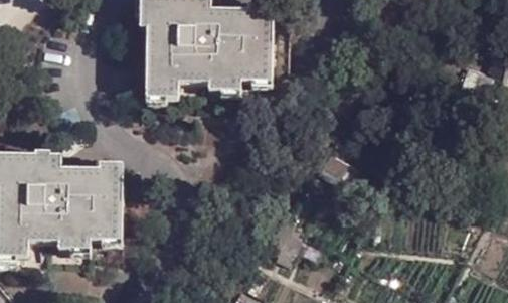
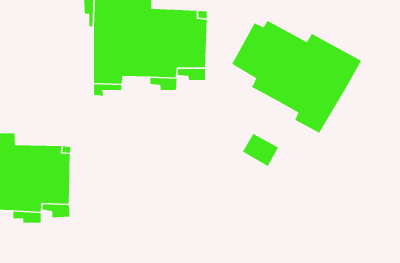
building: none -> [231,20,362,134]

